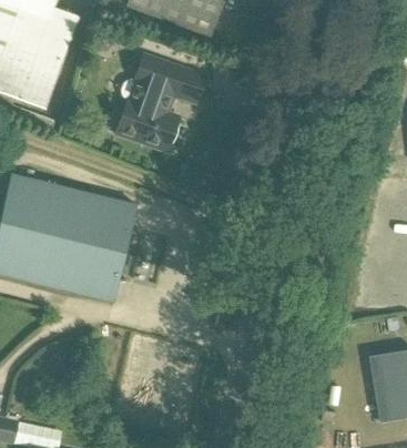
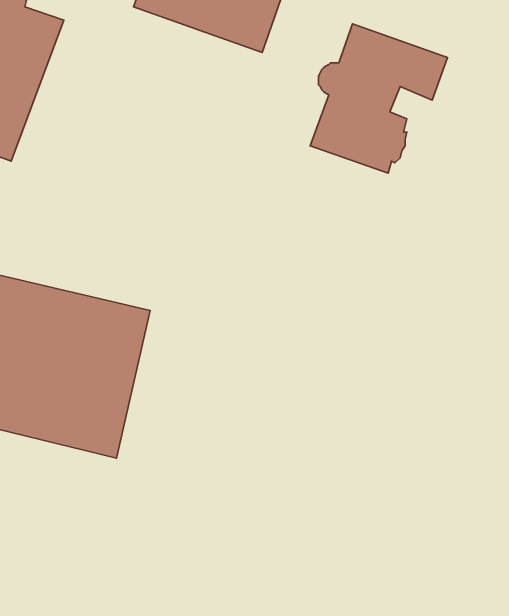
building: [115,53,205,151] -> [310,24,448,173]

